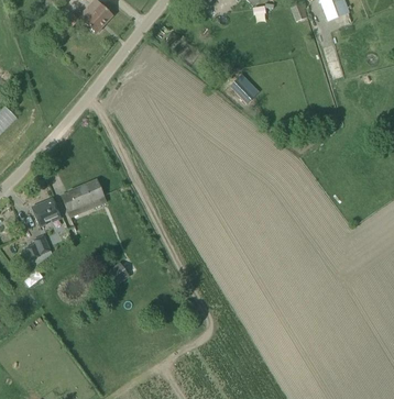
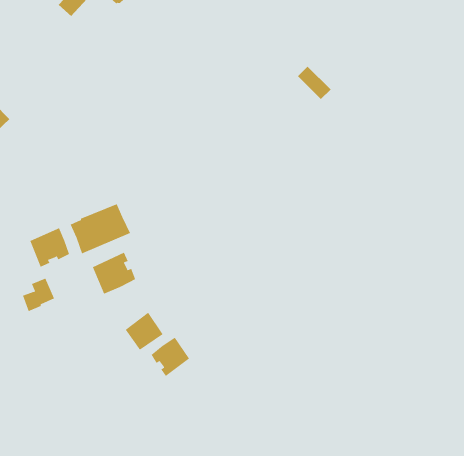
building: none -> [92,252,136,294]
building: none -> [151,337,190,377]

